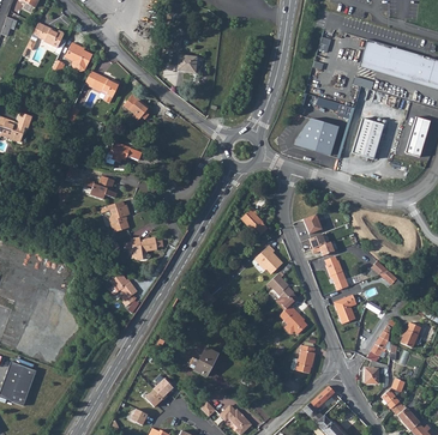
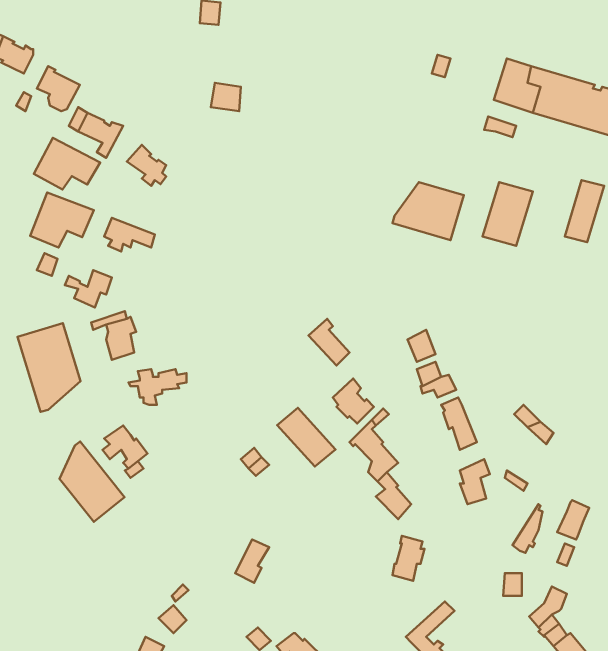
building: none -> [34,138,100,189]
building: none -> [30,193,94,247]
building: none -> [18,323,81,412]
building: none -> [277,408,335,467]
building: none -> [59,442,125,522]

